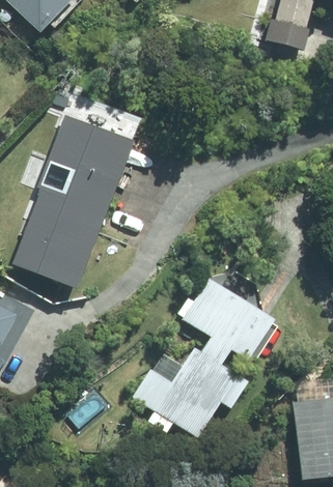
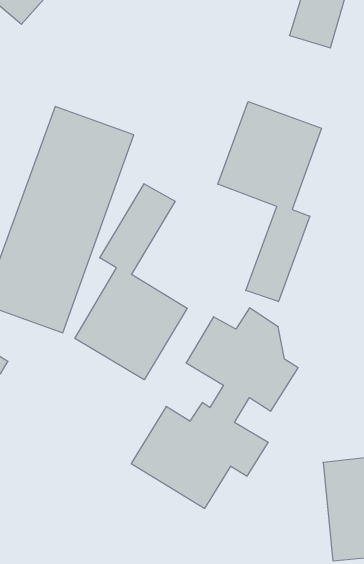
building: none -> [218,102,321,302]
building: none -> [75,184,187,380]

